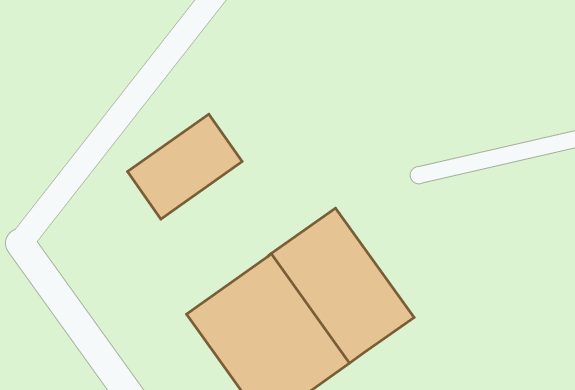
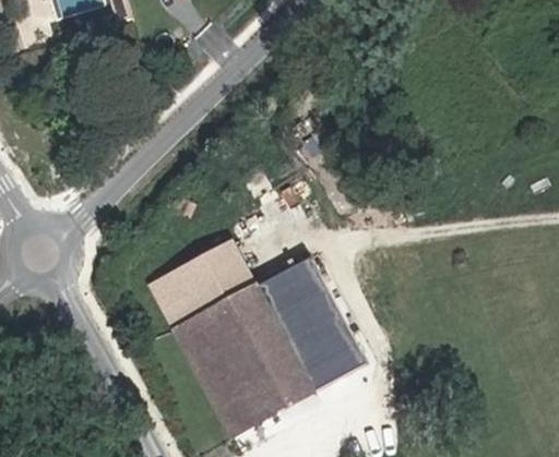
building: [127,114,242,219] -> [150,241,252,328]

